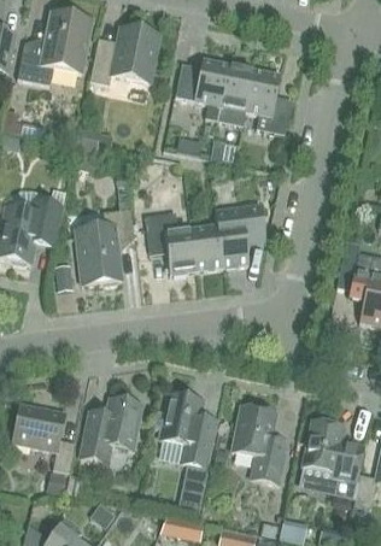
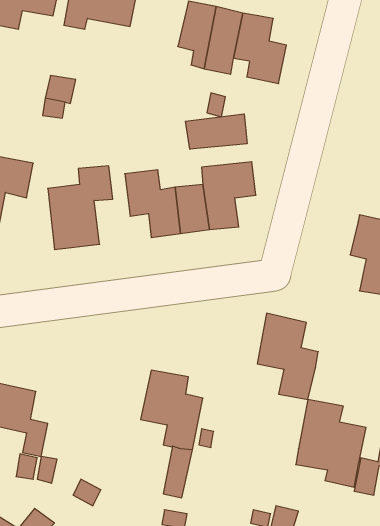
building: none -> [185,114,247,149]
building: [80,398,141,463] -> none
building: [231,405,287,483] -> [257,313,318,400]

